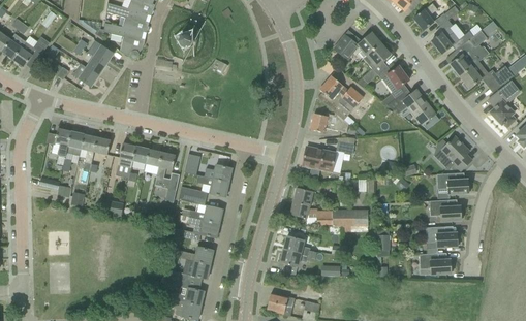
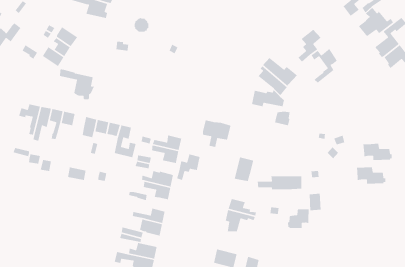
building: [103,22,146,58] -> [59,68,96,100]
building: [333,32,380,59] -> none
building: [385,89,435,124] -> none
building: [440,135,471,170] -> none
building: [303,147,336,179] -> [202,120,231,148]
building: none -> [176,153,200,181]
building: [426,226,459,247] -> none
building: none -> [287,208,309,229]
building: [419,253,453,274] -> none

